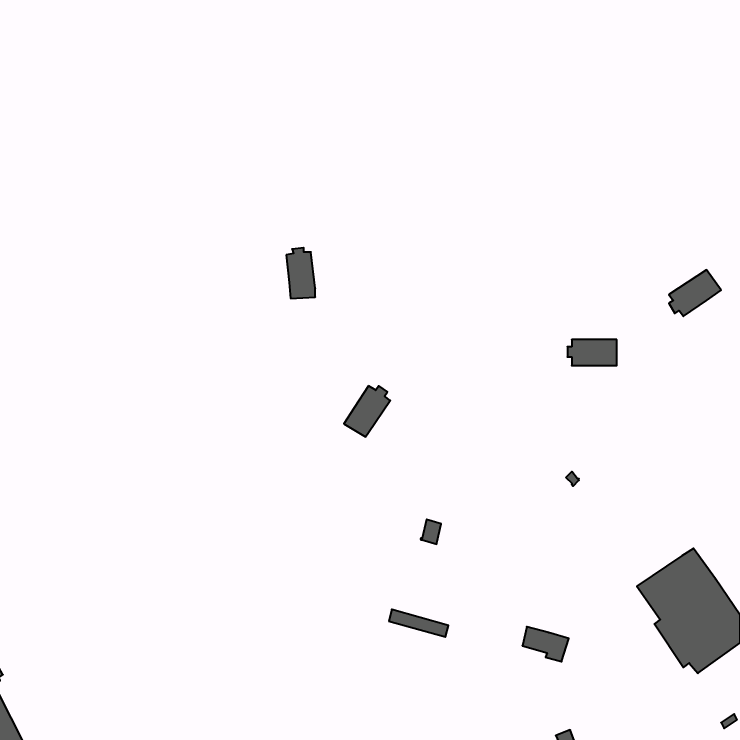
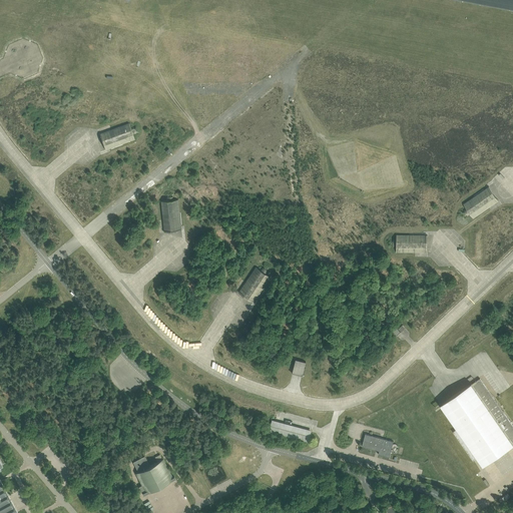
building: none -> [99,124,135,151]
building: [286,248,315,298] -> [160,197,180,232]
building: none -> [132,457,174,495]

